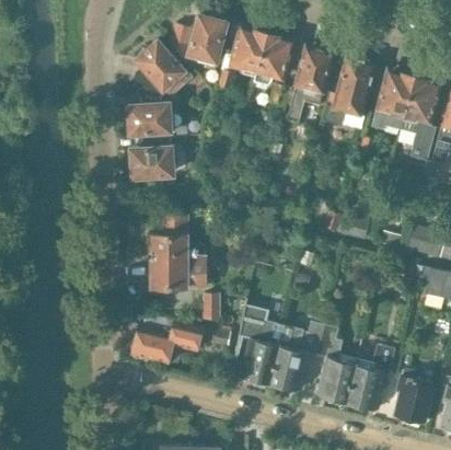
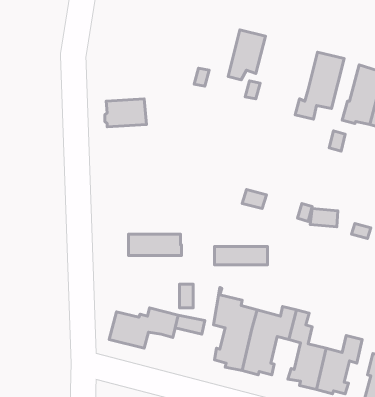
building: [170,18,226,65] -> none
building: [231,28,266,73] -> none
building: [137,43,182,89] -> none
building: [287,47,332,123] -> none
building: [128,137,183,177] -> none
building: [151,216,186,245] -> none
building: [151,267,206,286] -> [214,247,268,265]

